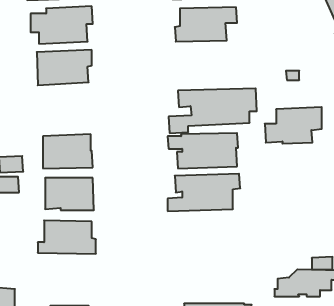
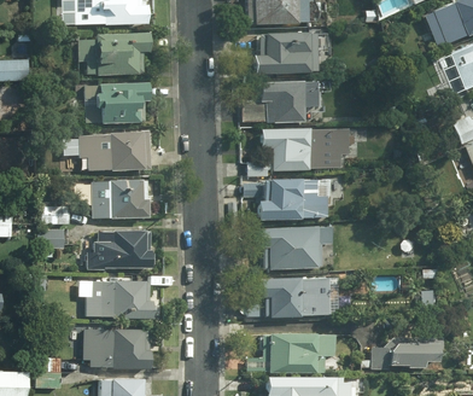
building: none -> [81,130,153,171]
building: [265,107,322,144] -> [239,80,305,122]
building: none -> [244,278,334,318]
building: none -> [86,328,154,369]
building: none -> [245,333,331,373]

